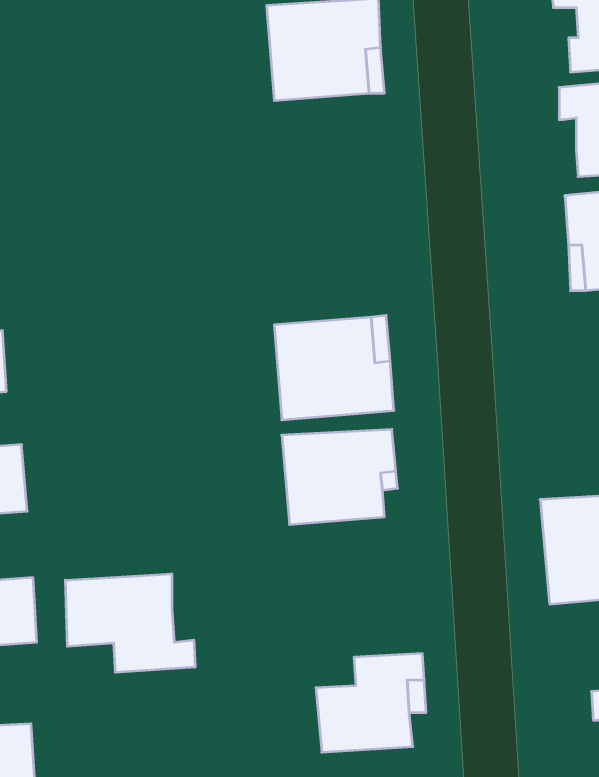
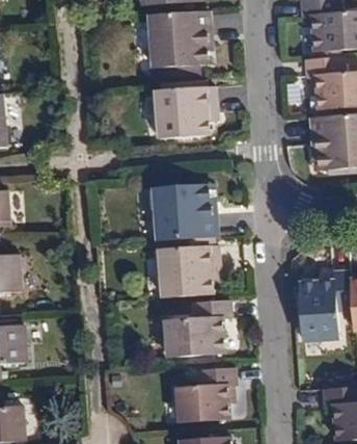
building: none -> [157,92,218,143]
building: none -> [165,302,230,357]
building: [65,574,195,672] -> none

